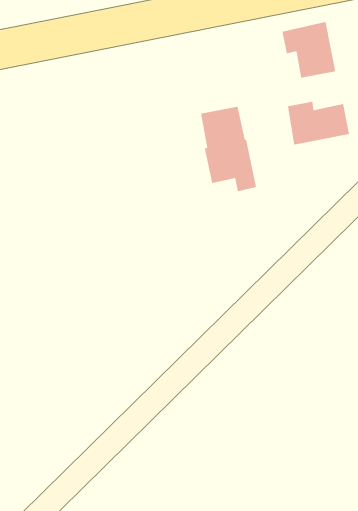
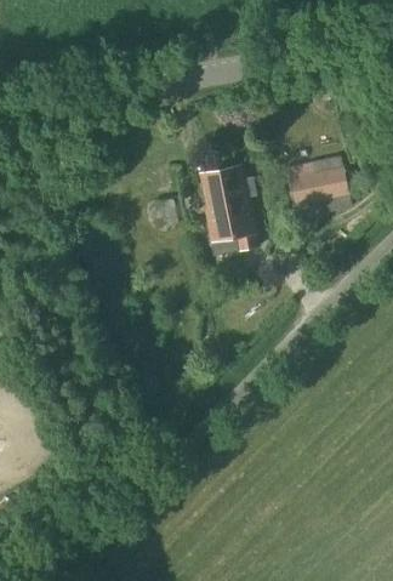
building: [282,21,336,79] -> none

